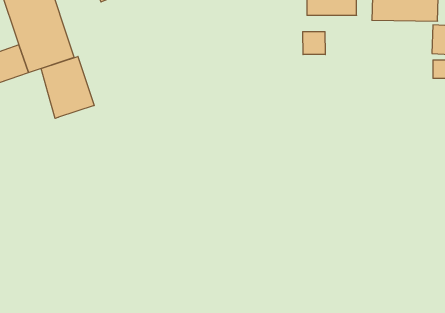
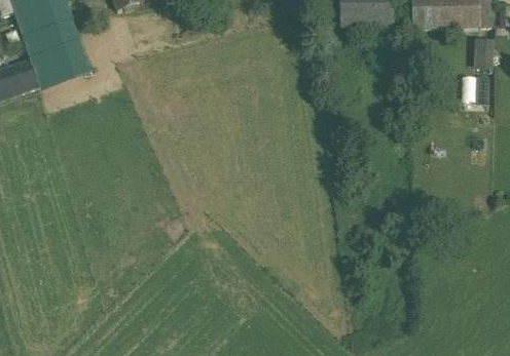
building: [303,32,325,55] -> none
building: [41,56,94,118] -> none

